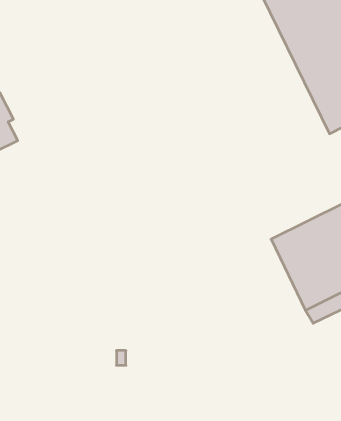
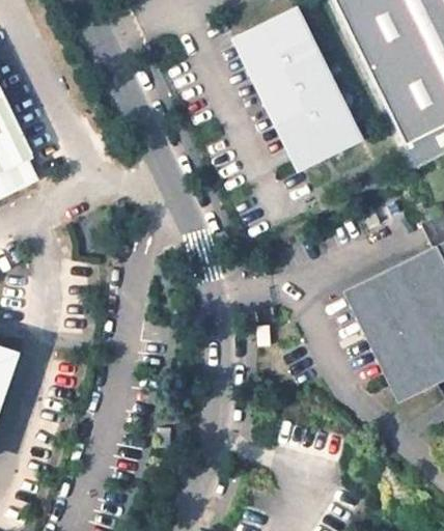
building: none -> [240,8,358,164]

